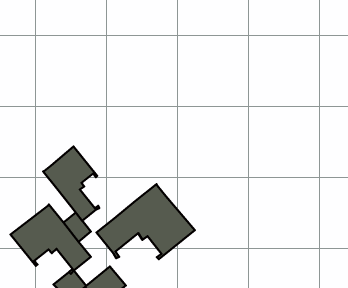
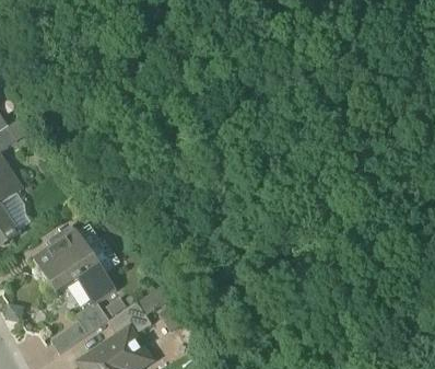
building: [43,147,99,221] -> none
building: [96,184,195,259] -> none

